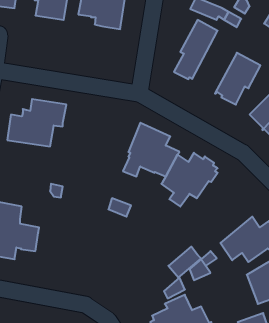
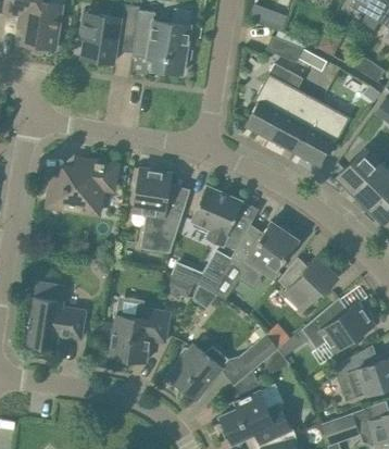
building: none -> [267,76,321,151]
building: none -> [131,169,190,253]
building: none -> [173,249,231,292]
building: none -> [278,257,338,310]
building: none -> [109,308,170,363]
building: none -> [166,344,228,400]

